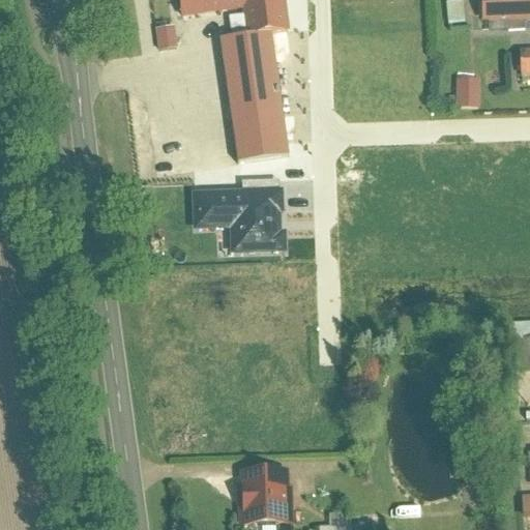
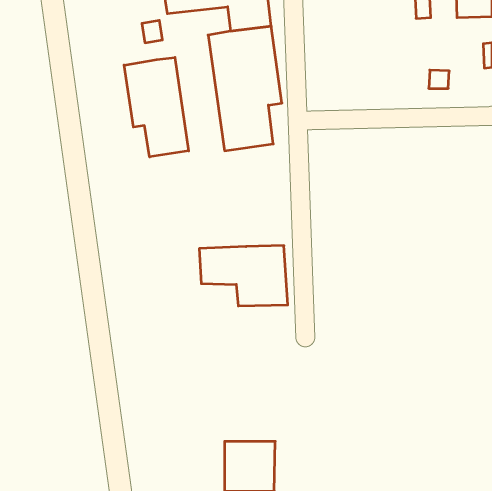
building: none -> [124,57,189,157]
building: [187,186,282,251] -> [199,246,288,306]

